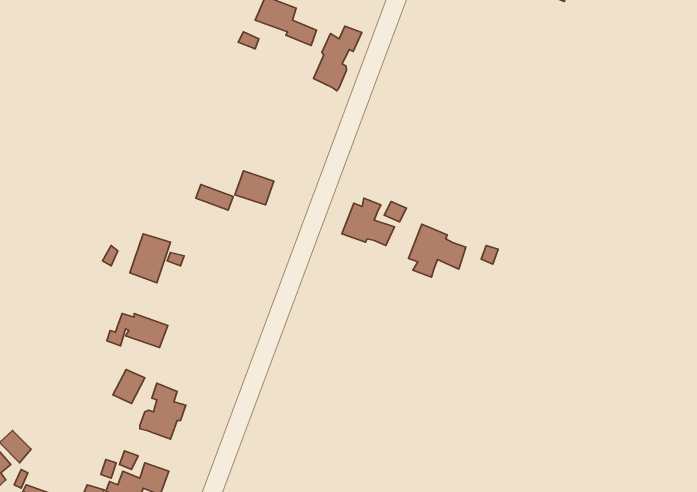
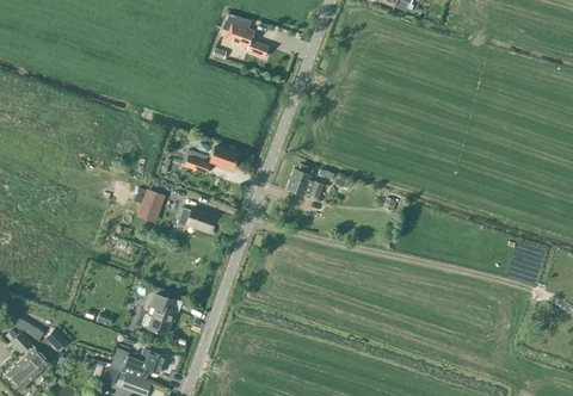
building: [314,26,362,91] -> none
building: [408,224,466,277] -> none
building: [107,314,168,348] -> [173,208,216,231]

